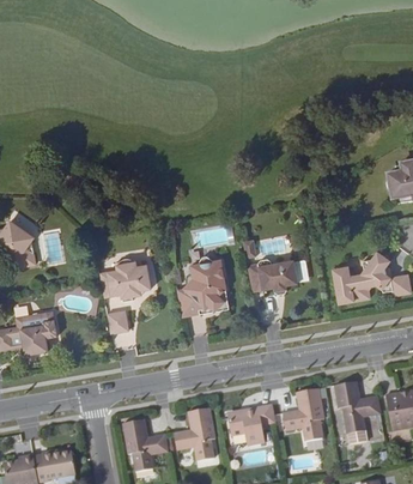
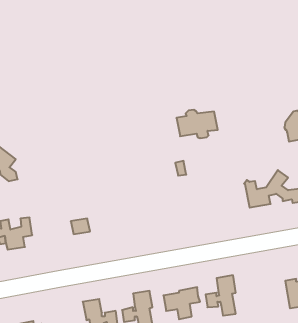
building: [177,255,227,316] -> none
building: [99,256,152,301] -> none
building: [248,265,302,302] -> [176,110,218,138]
building: [335,380,379,432] -> none

